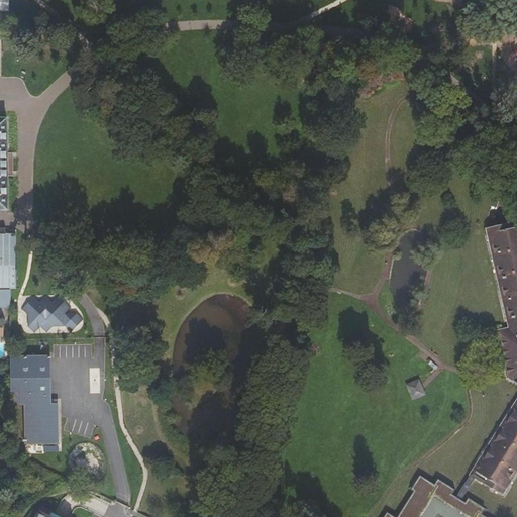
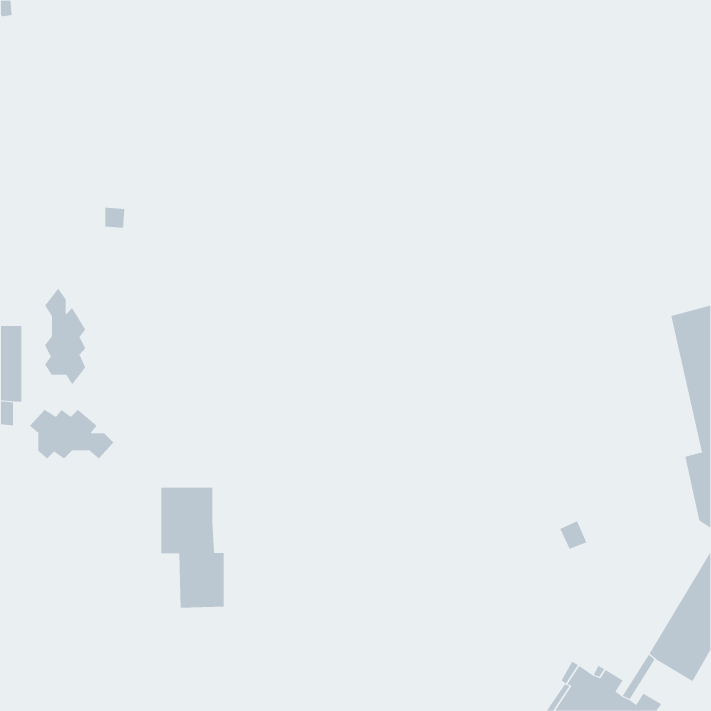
building: none -> [45,288,86,385]
building: [11,356,58,444] -> [160,487,224,608]

